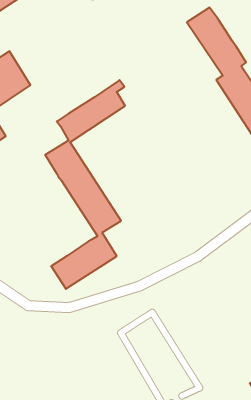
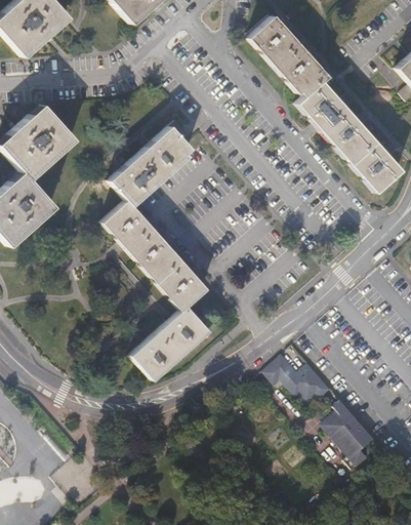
building: none -> [266,358,333,401]
building: none -> [325,400,378,470]

